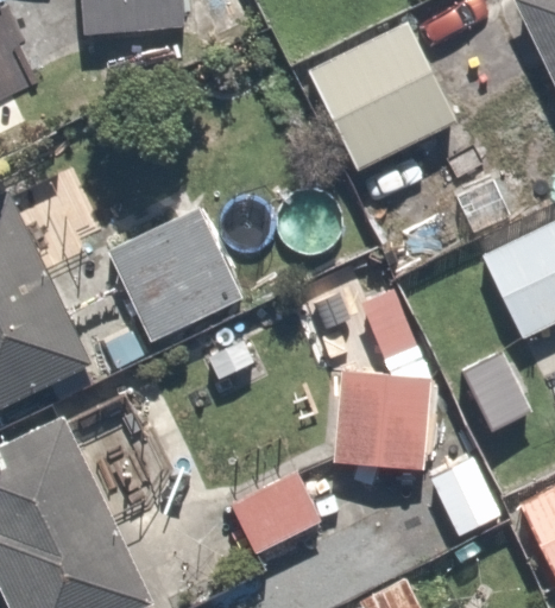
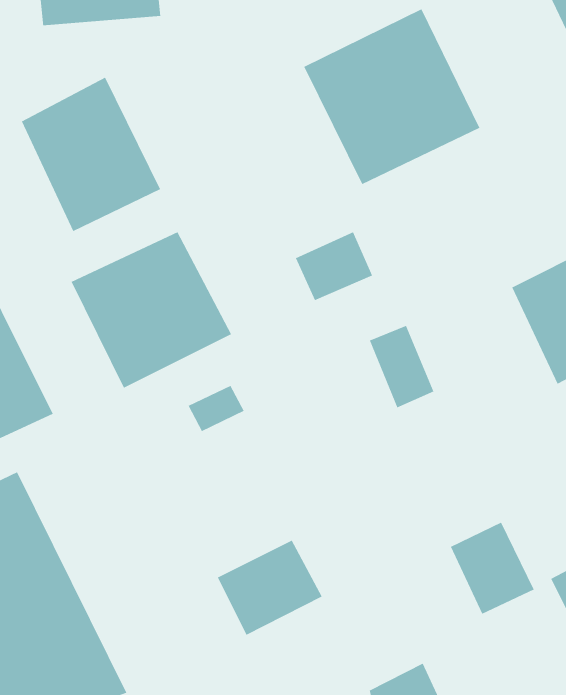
building: none -> [21,76,161,232]
building: [330,368,433,469] -> none

